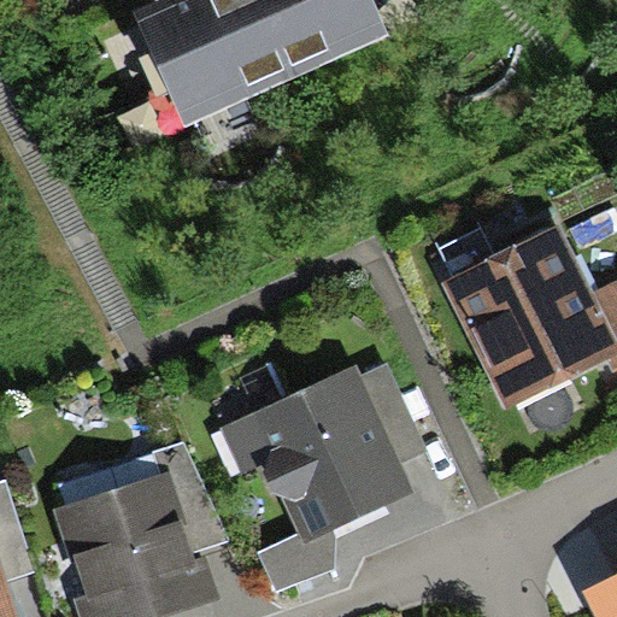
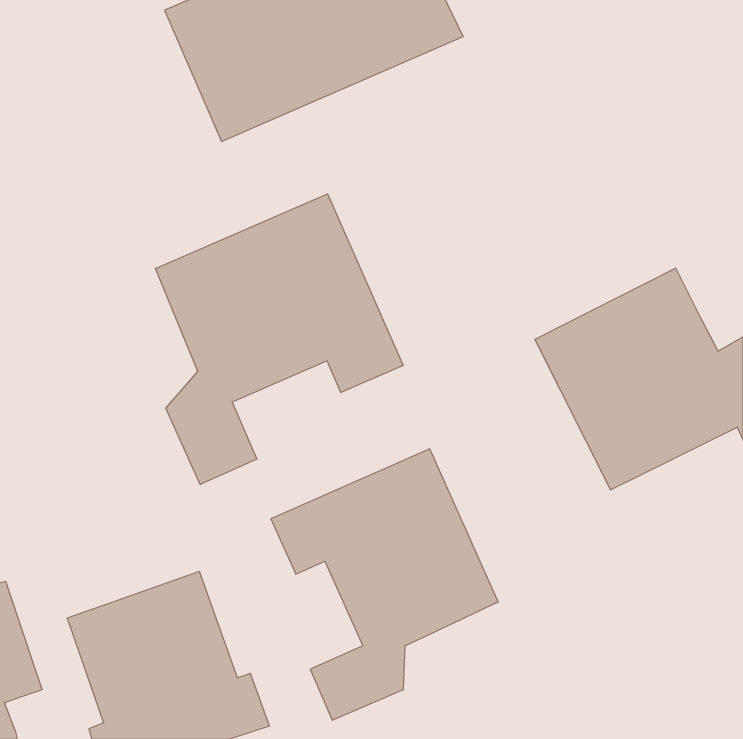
building: none -> [155,194,403,485]

